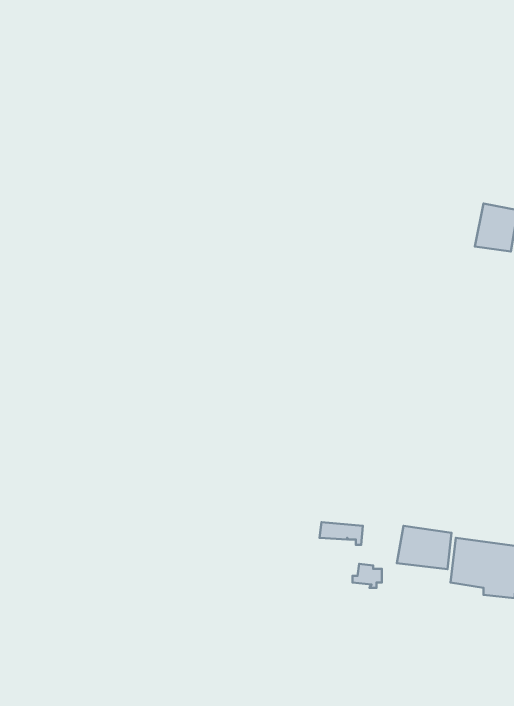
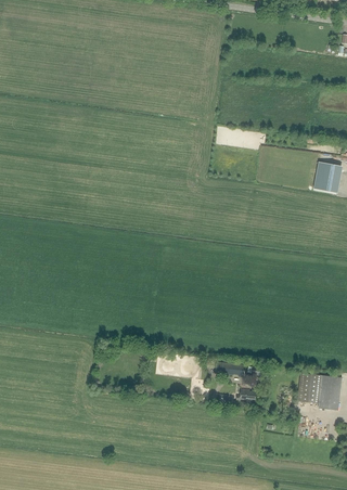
building: [397,526,452,569] -> none

